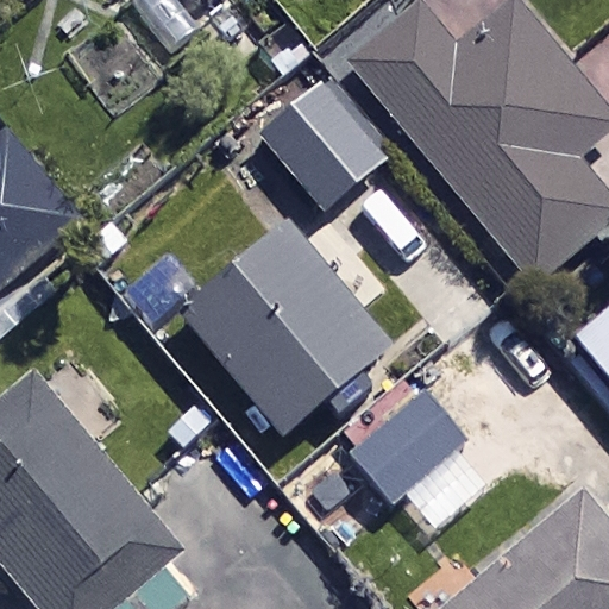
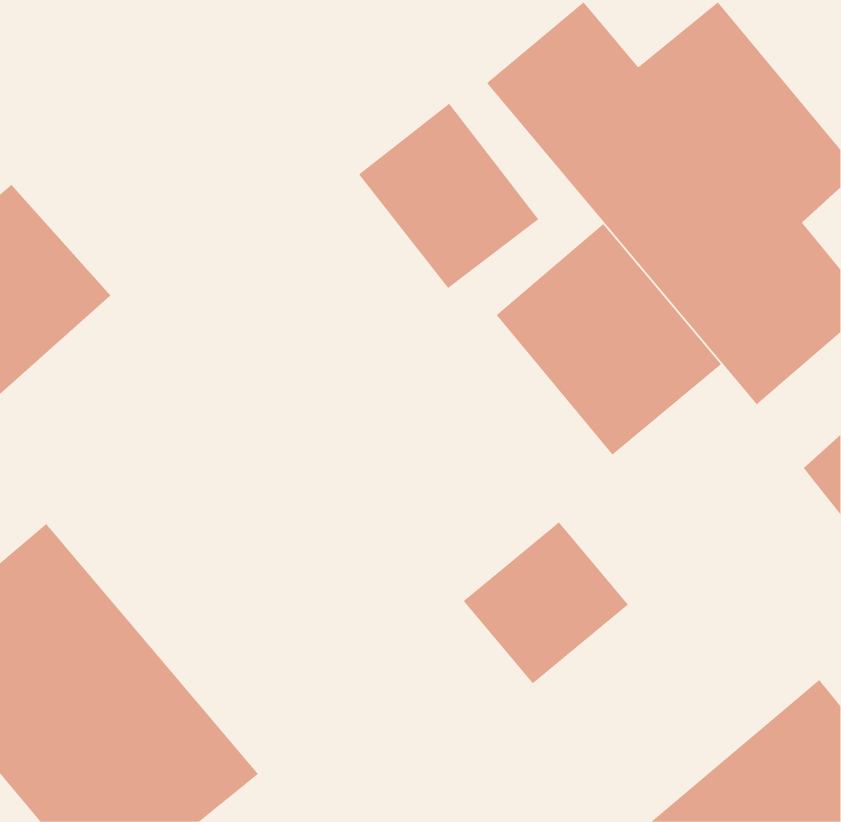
building: none -> [496,223,722,455]
building: [184,224,393,435] -> none

